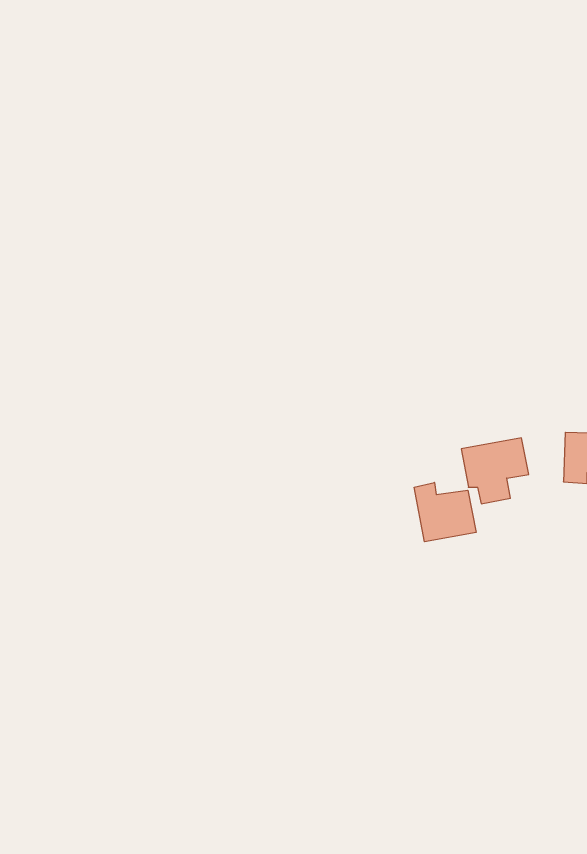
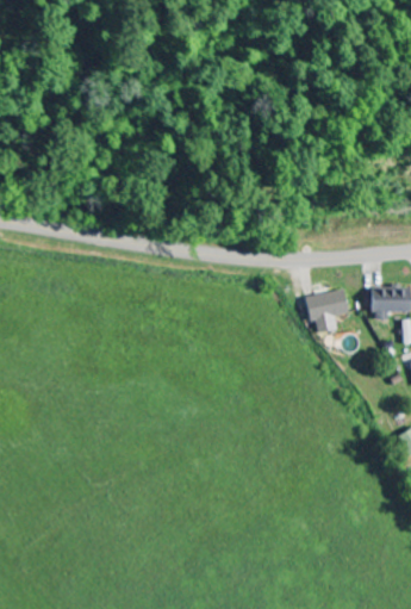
building: [414,482,476,542] -> none

